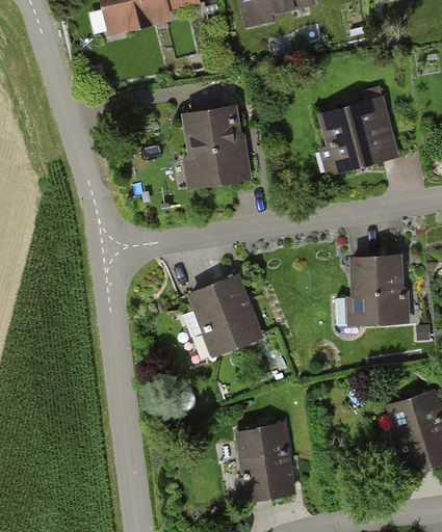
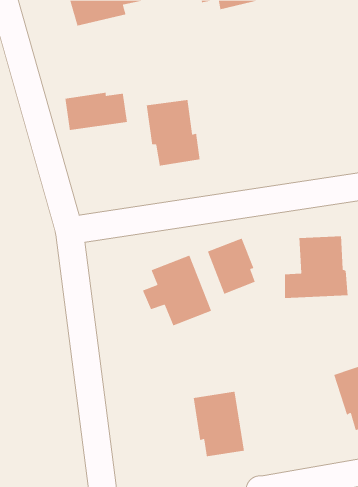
building: [323,88,392,171] -> none
building: none -> [64,92,128,131]
building: none -> [207,237,256,295]

